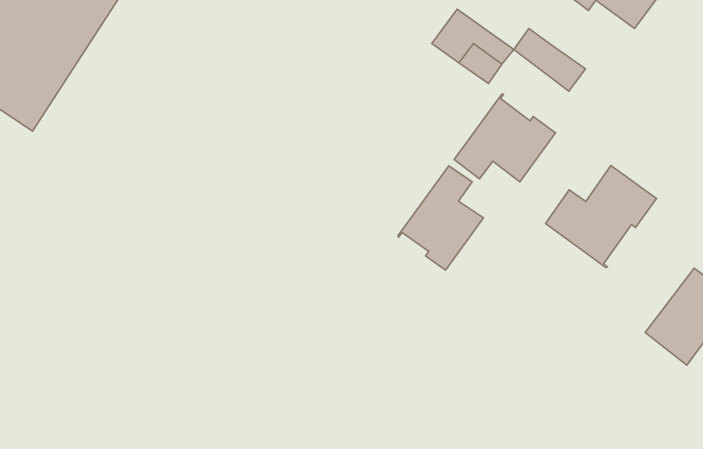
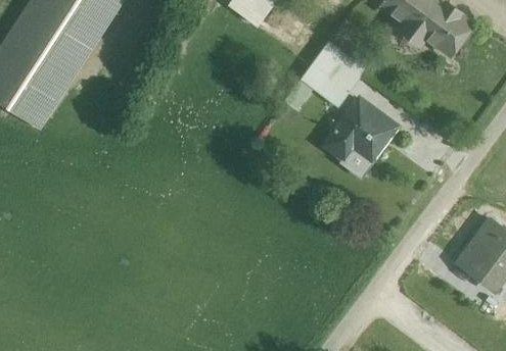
building: [514,28,585,91] -> [300,65,349,108]
building: [545,166,656,267] -> none
building: [398,166,483,270] -> none

